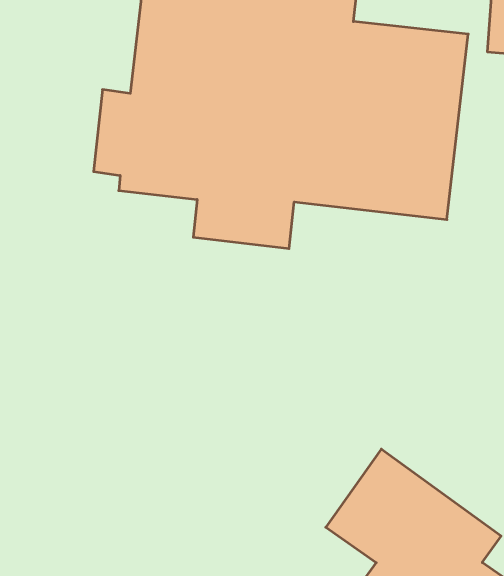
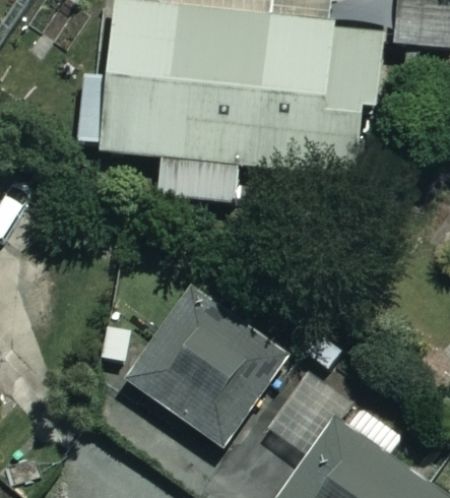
building: none -> [127,288,285,446]

